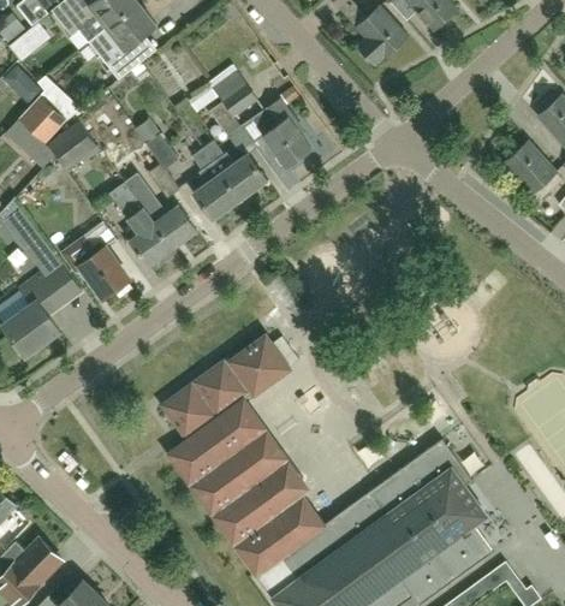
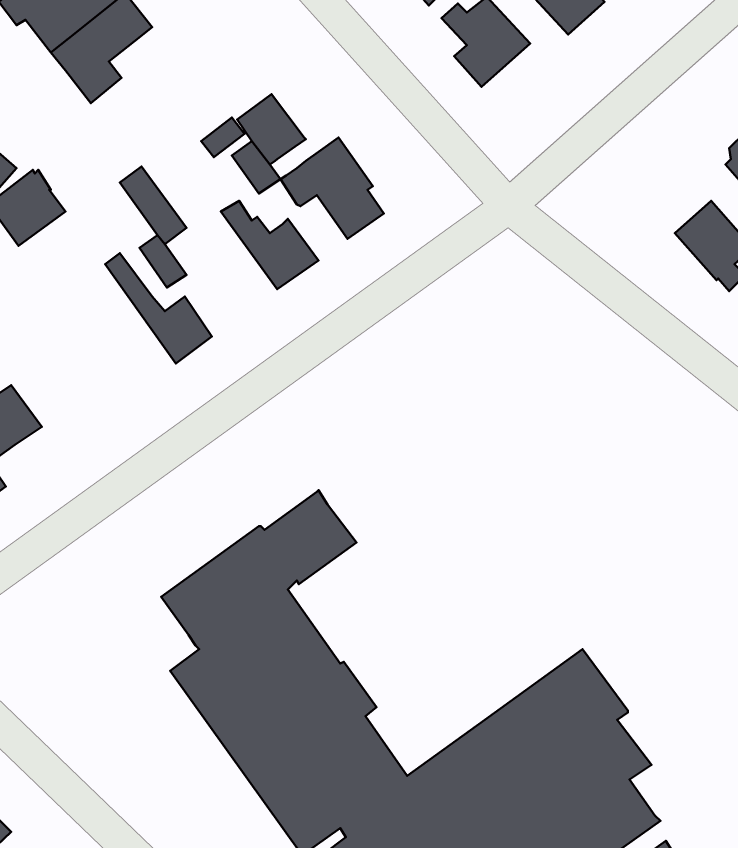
building: [191,149,239,220] -> none
building: [109,184,172,271] -> none
building: [61,237,130,301] -> none

